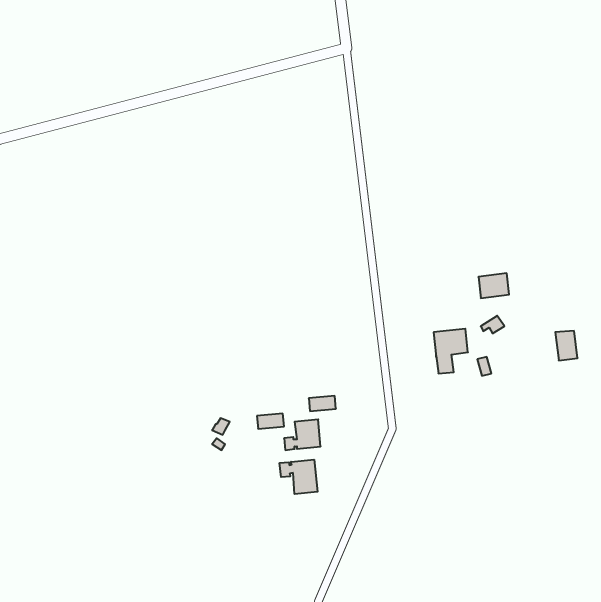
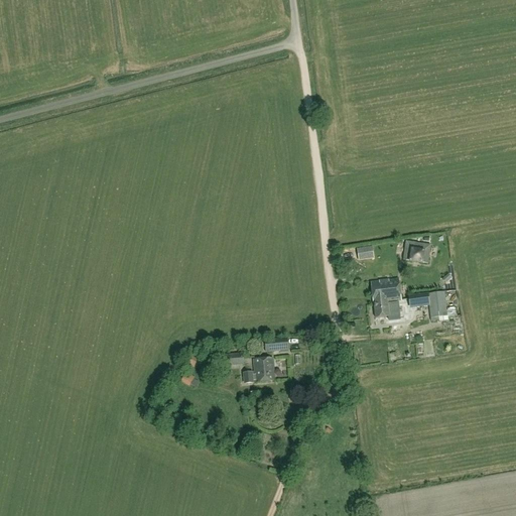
building: [555,331,578,360] -> [427,293,446,318]
building: [280,460,318,494] -> none

